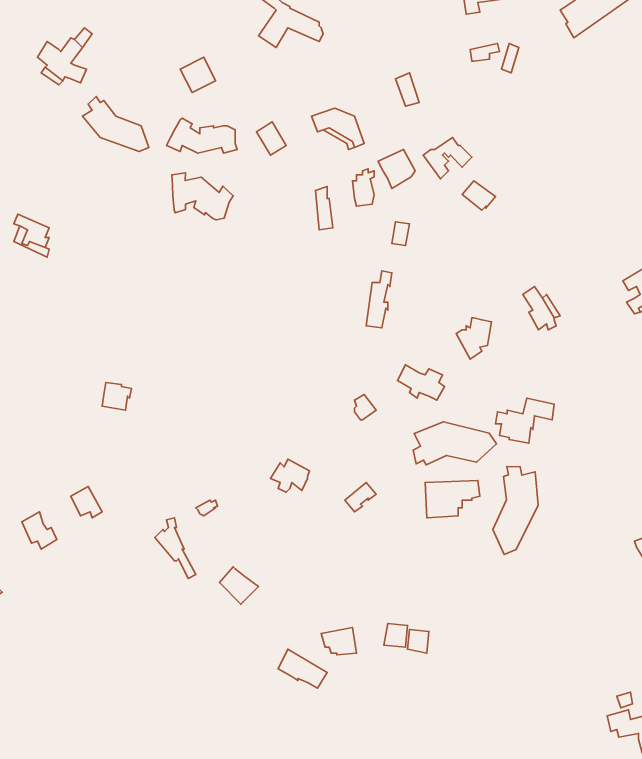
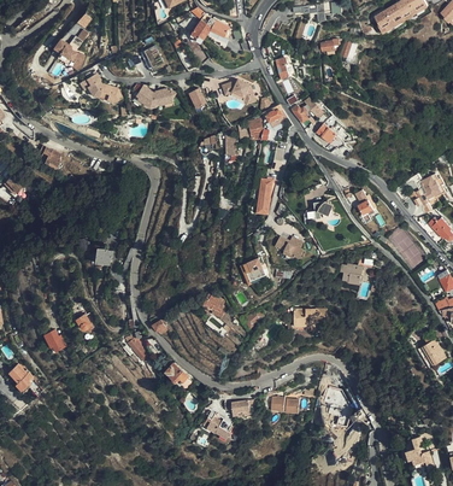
building: [172,173,233,220] -> none
building: [413,422,496,465] -> none
building: [493,467,538,554] -> none

